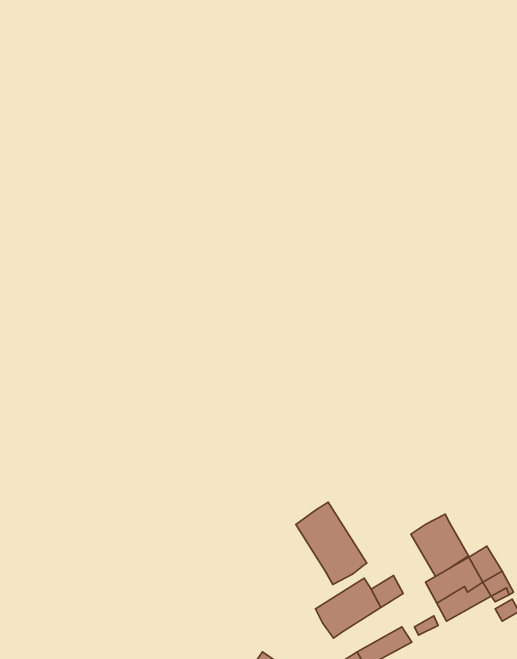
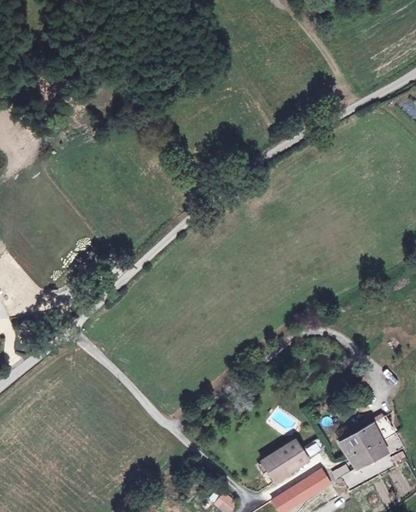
building: [296,502,367,585] -> none
building: [411,514,469,577] -> none

